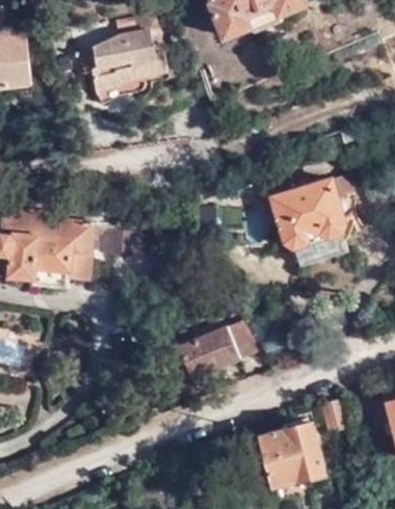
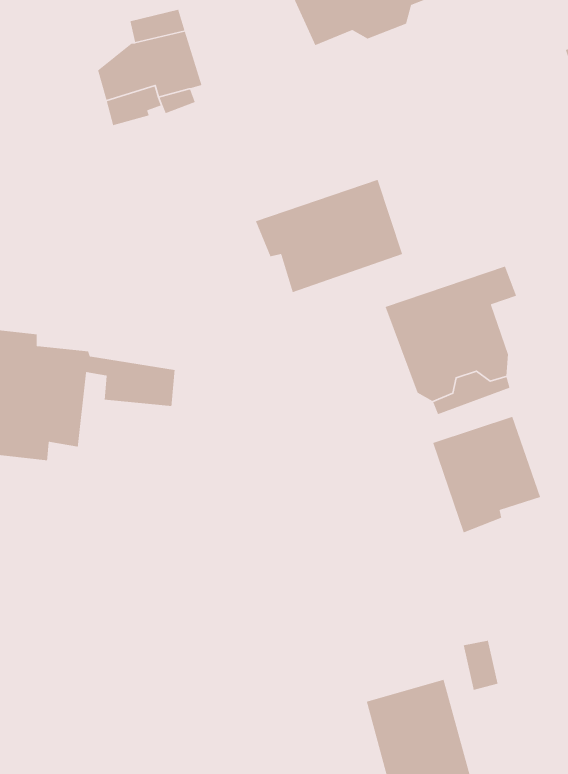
building: none -> [255,179,403,293]
building: none -> [432,416,541,533]
building: [166,323,246,384] -> none

